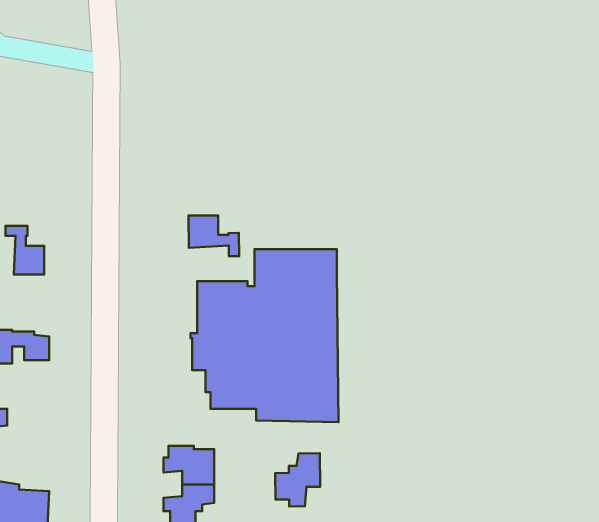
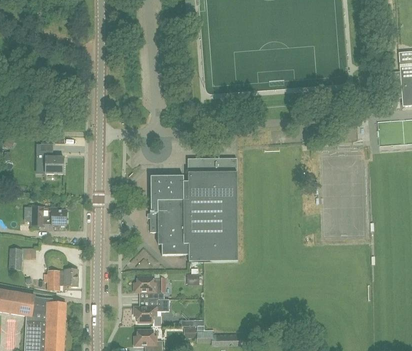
building: [189,215,239,256] -> none
building: none -> [47,269,77,290]
building: [275,453,320,506] -> none

